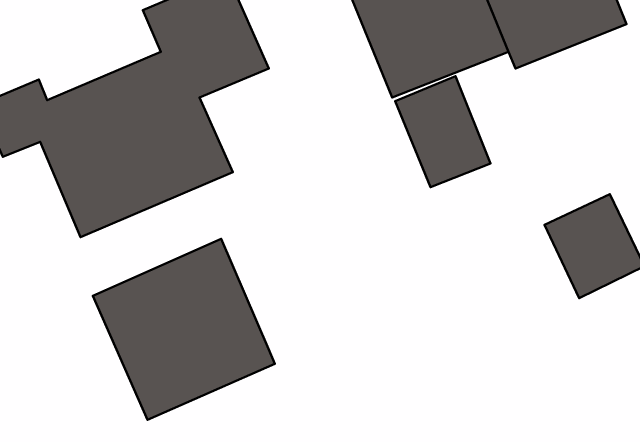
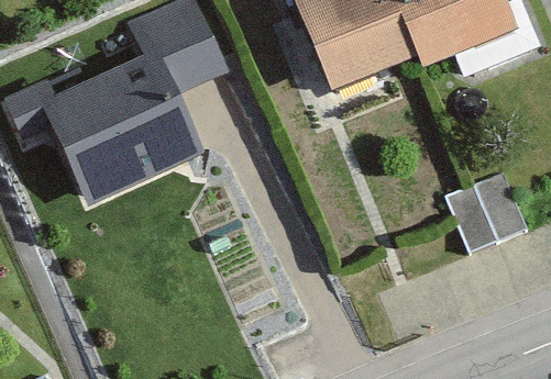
building: [395,76,490,187] -> none
building: [93,239,275,420] -> none

